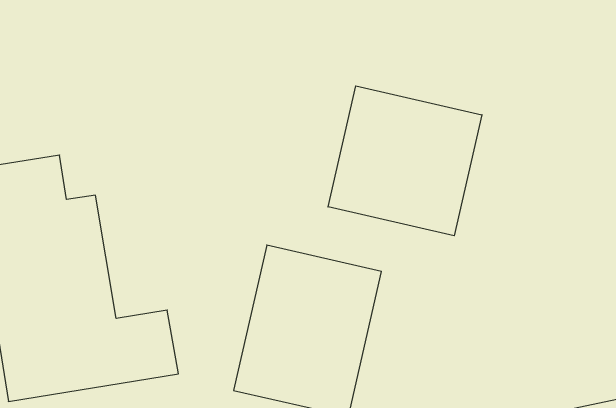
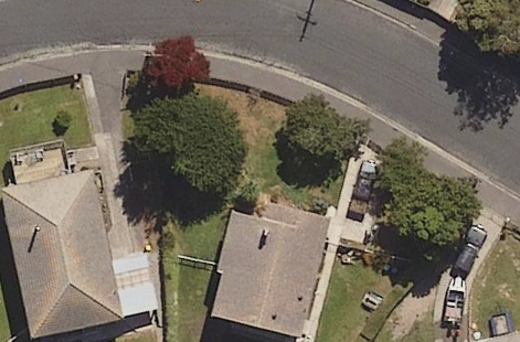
building: [328,86,482,236] -> none

